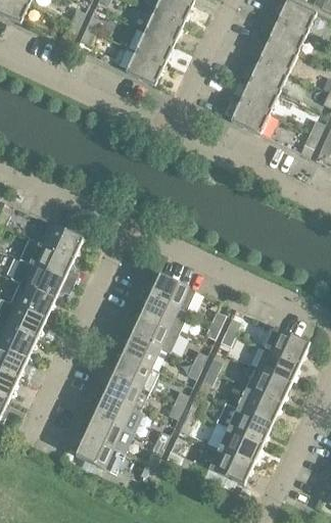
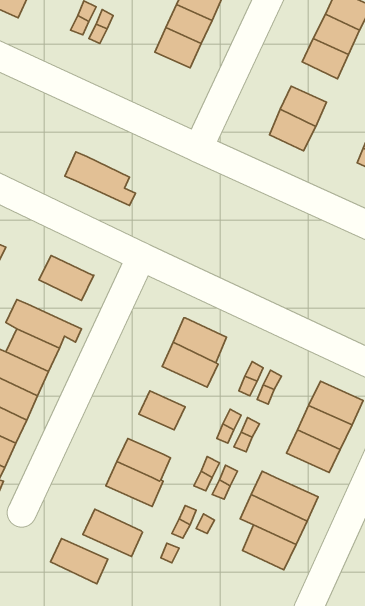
building: [126,50,164,84] -> none
building: [249,58,288,92] -> none
building: [19,237,79,282] -> [65,152,135,205]
building: [131,314,179,351] -> none
building: [112,353,157,390] -> none
building: [236,386,281,423] -> none
building: [85,414,133,451] -> [50,539,108,584]

